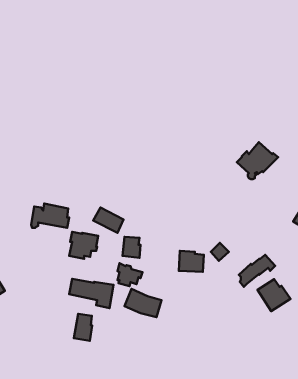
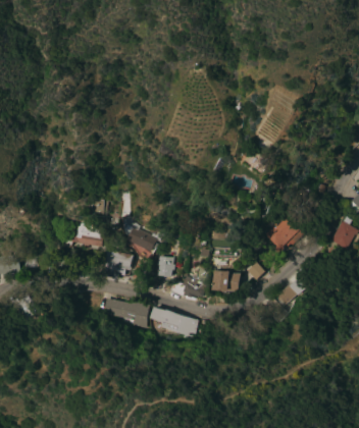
building: [237,142,278,179] -> [264,215,306,253]
building: [117,263,143,286] -> [184,276,209,300]
building: [258,279,290,311] -> none
building: [74,314,92,341] -> none

